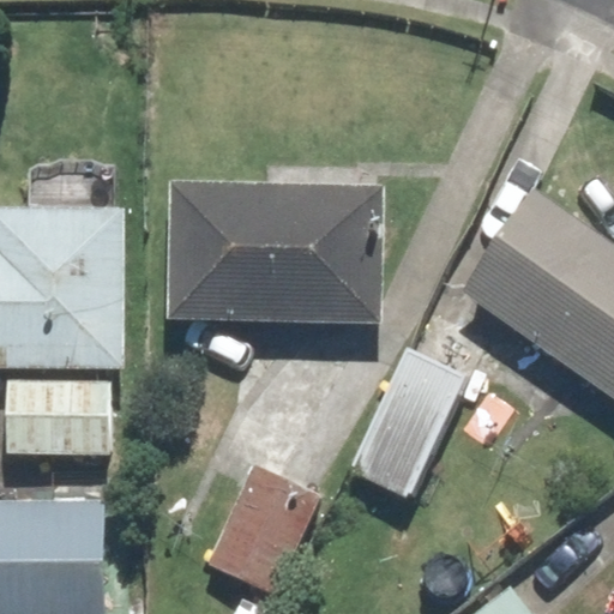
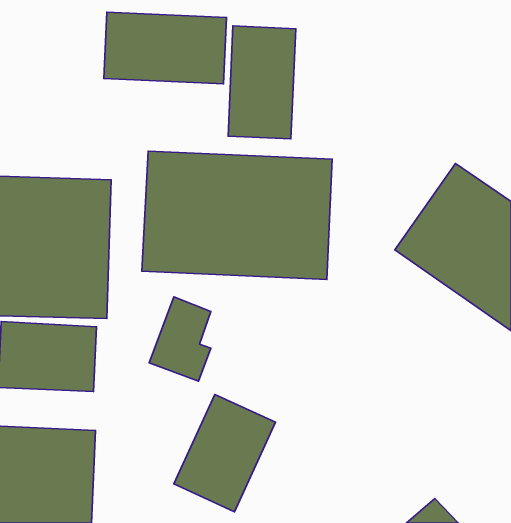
building: none -> [104,12,227,84]
building: none -> [228,26,296,139]
building: [344,348,464,500] -> none

